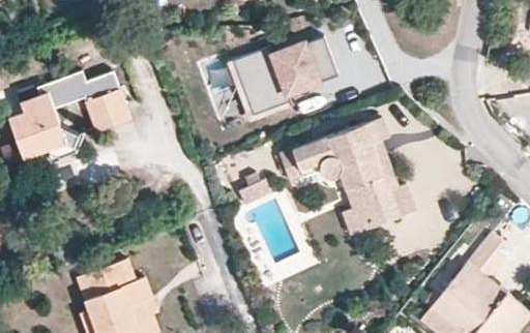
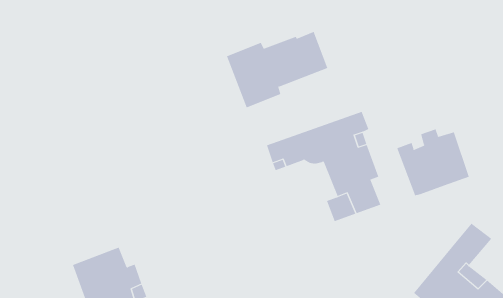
building: [10,69,127,157] -> none
building: none -> [397,128,470,196]

